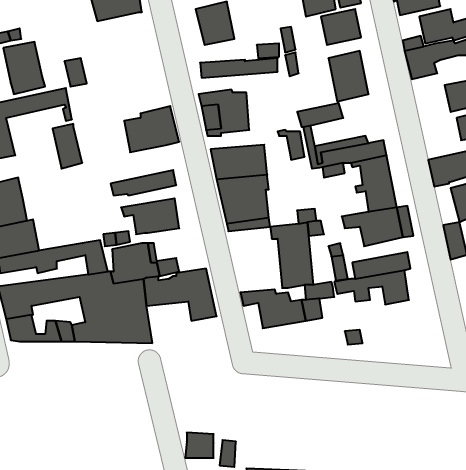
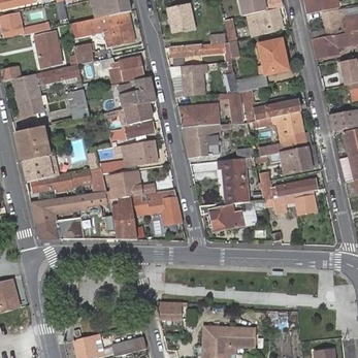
building: none -> [73,11,134,44]
building: none -> [99,57,142,79]
building: none -> [121,103,151,124]

